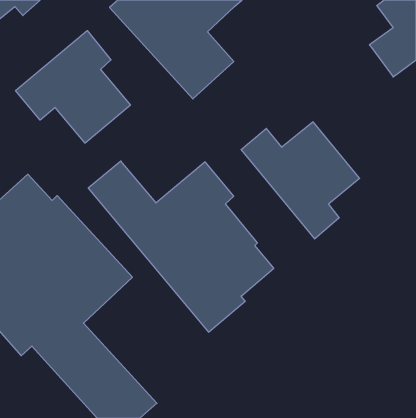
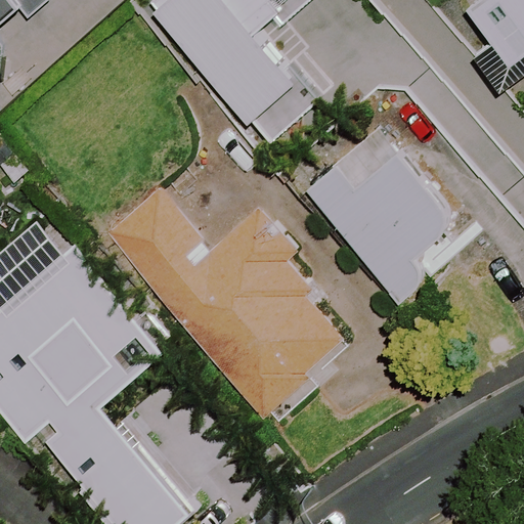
building: [16,31,130,143] -> none

